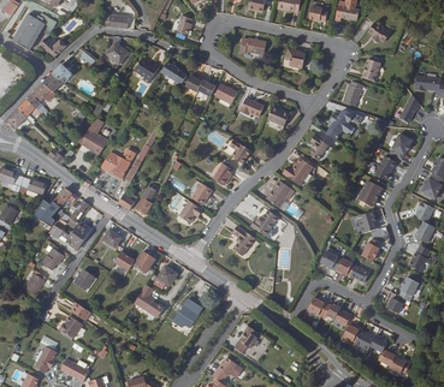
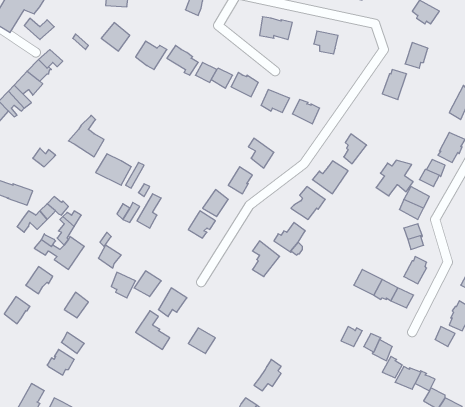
building: [326,109,357,139] -> [376,160,413,196]

